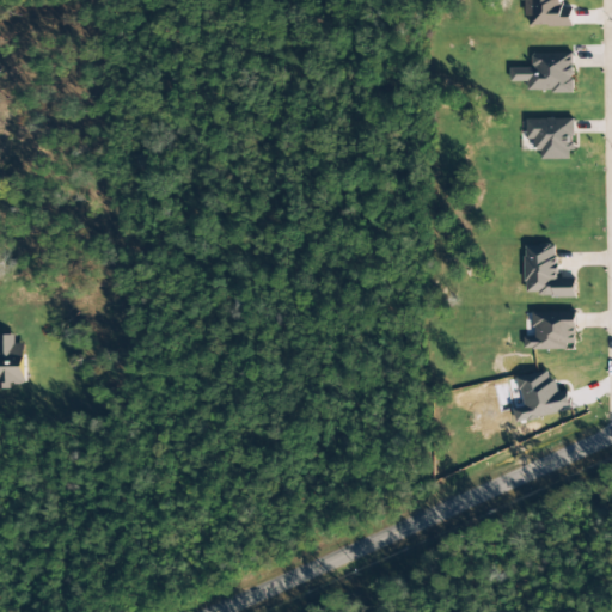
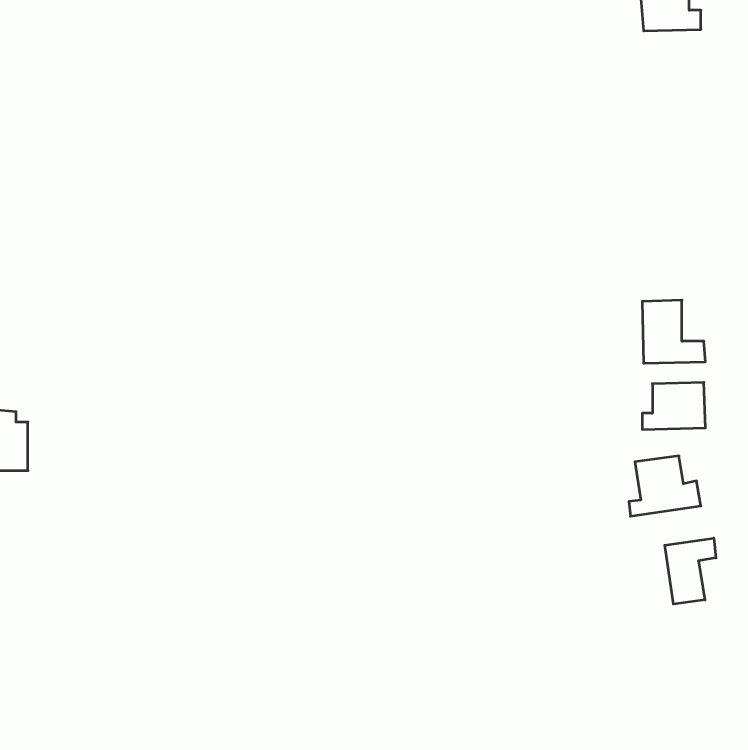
building: [508,53,570,91] -> none
building: [524,117,570,159] -> none
building: none -> [665,538,716,604]

